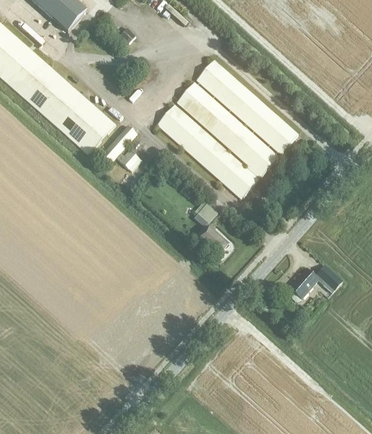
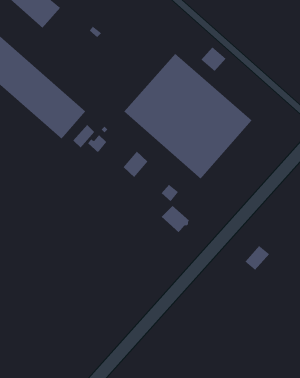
building: none -> [201,47,226,72]
building: none -> [123,151,148,178]
building: [305,267,342,294] -> none

